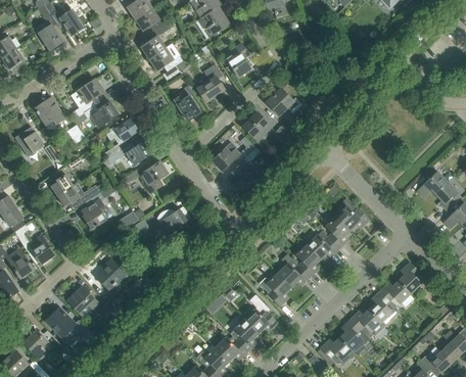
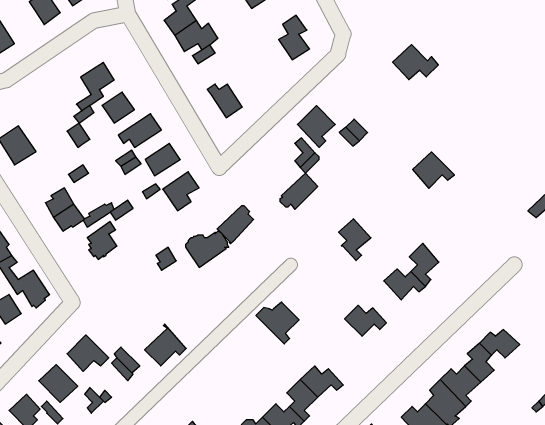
building: [197,63,225,101] -> none
building: [267,89,301,115] -> [393,45,438,80]
building: [35,97,64,129] -> none
building: [212,143,239,172] -> [217,206,254,244]
building: [337,202,369,230] -> [413,152,454,188]
building: [296,244,321,276] -> [339,219,371,261]
building: [96,257,128,289] -> [145,324,186,366]
building: [399,263,425,292] -> none
building: [259,273,291,304] -> [256,302,299,344]

